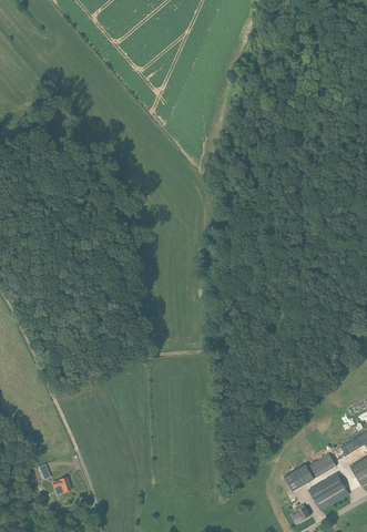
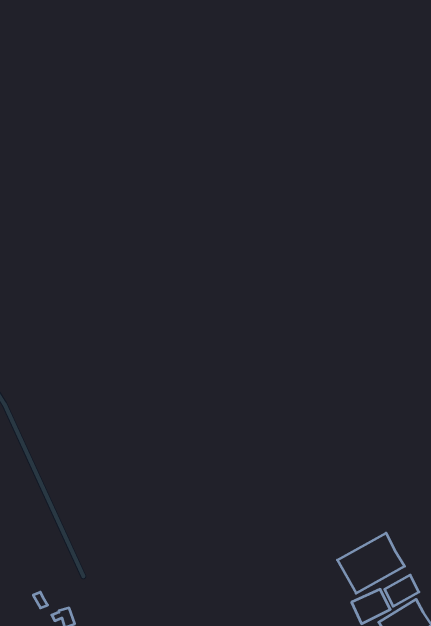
building: none -> [337,533,405,593]

